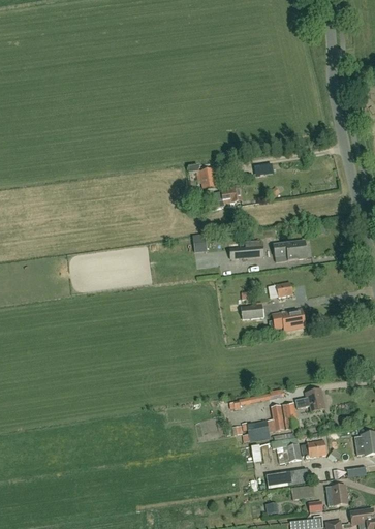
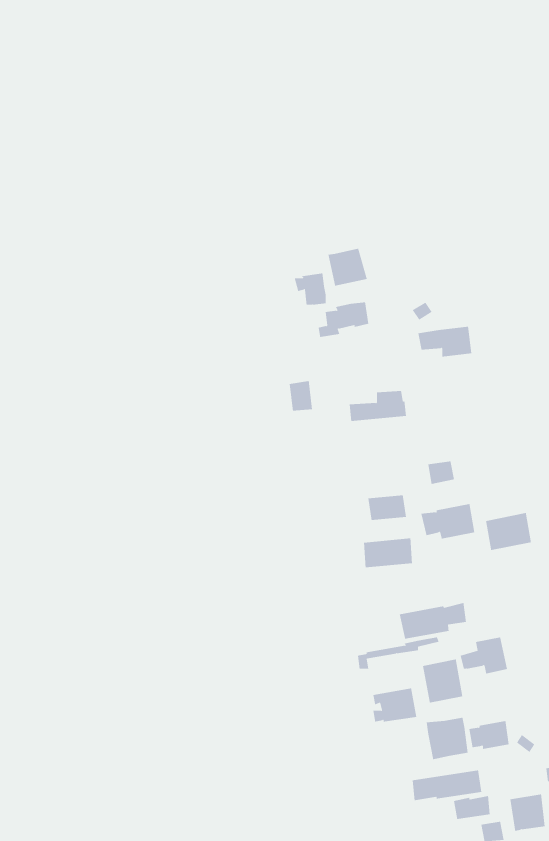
building: none -> [328,248,367,287]
building: [273,241,306,259] -> [417,326,472,357]
building: none -> [486,512,532,551]
building: none -> [364,538,413,568]
building: none -> [399,602,467,639]

